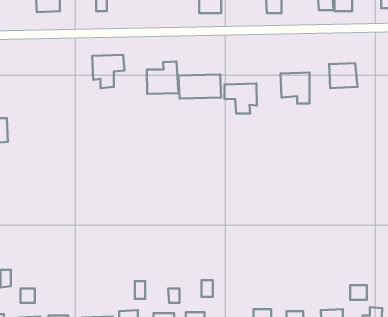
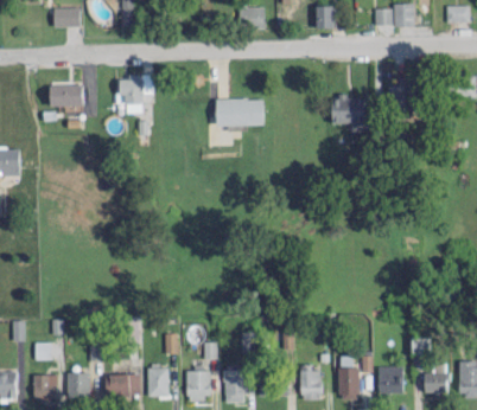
building: [147,61,178,94] -> none
building: none -> [50,84,83,107]
building: [225,83,257,113] -> none

